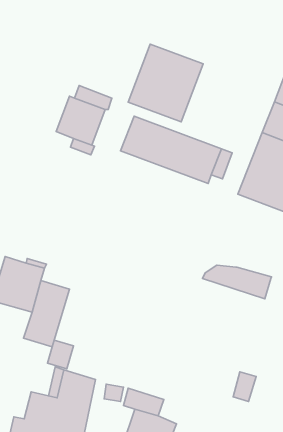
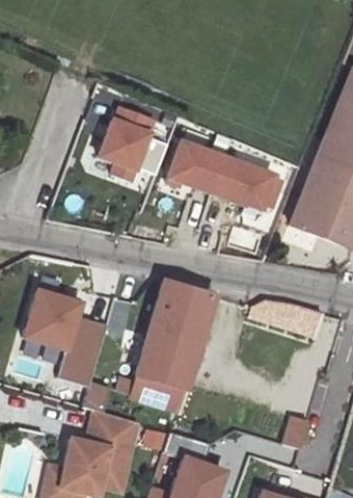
building: [128,44,203,122] -> none
building: none -> [127,281,210,410]

